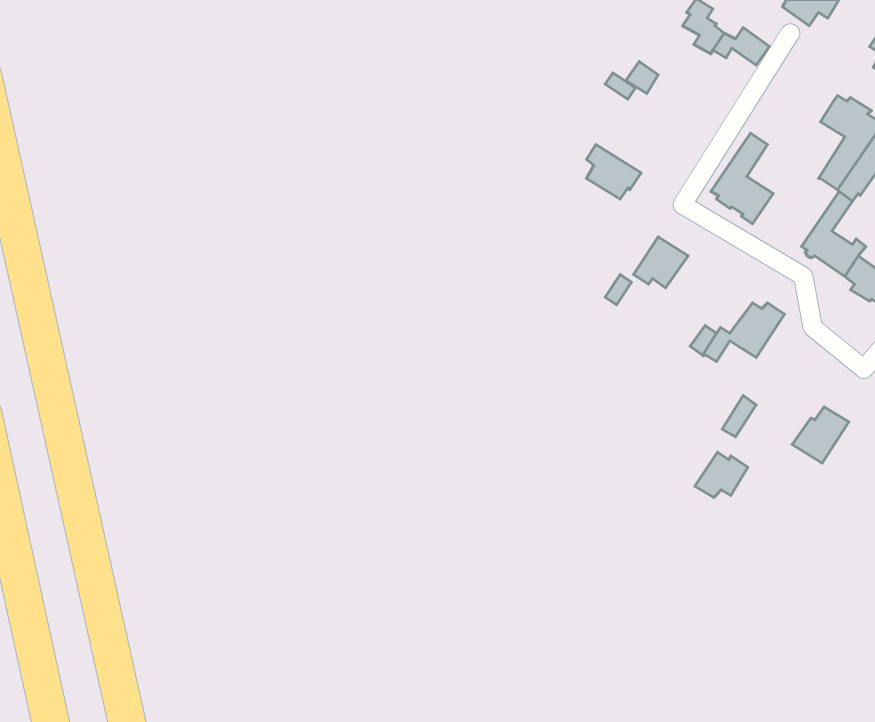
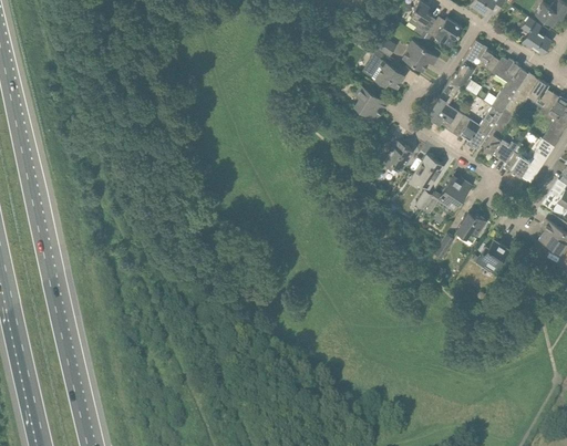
building: none -> [402,41,437,71]
building: none -> [451,41,499,89]
building: none -> [374,61,405,87]
building: none -> [452,106,503,151]
building: none -> [412,156,443,189]
building: [695,452,748,497] -> [455,212,486,239]

